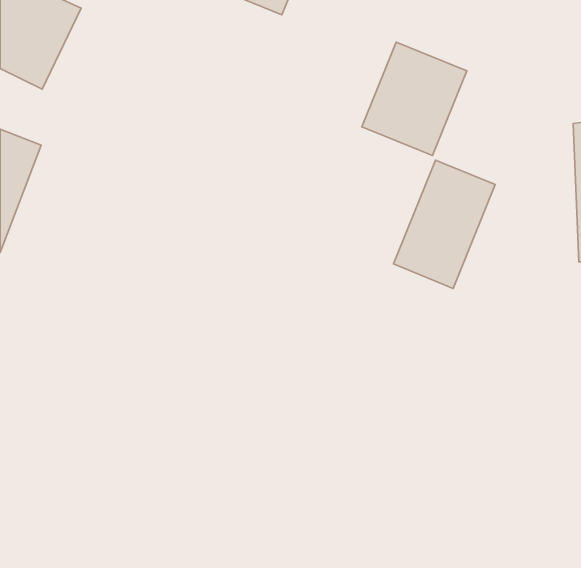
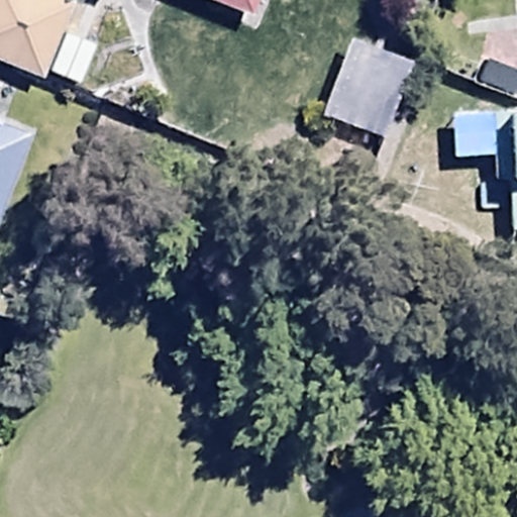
building: [393,160,495,288] -> none

